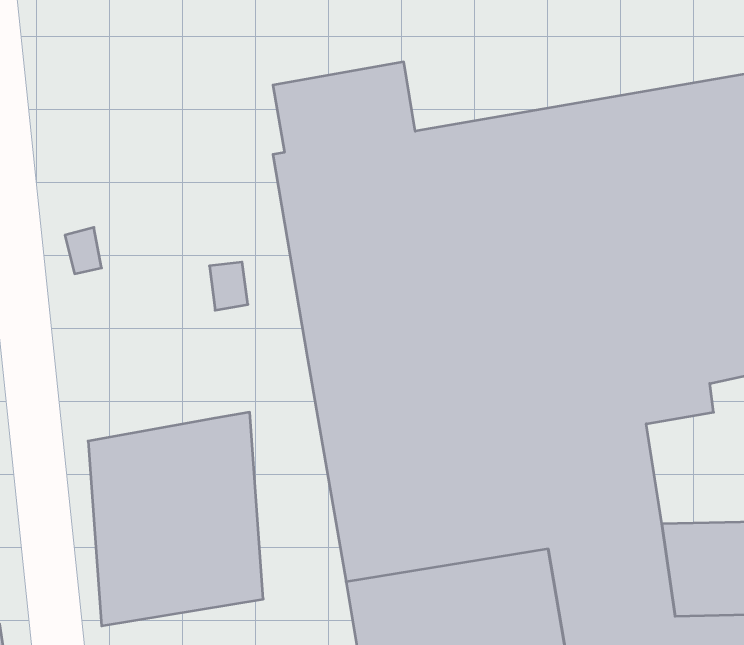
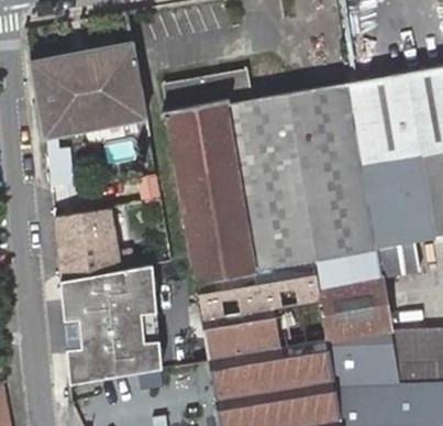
building: none -> [32,42,142,138]
building: none -> [58,207,135,278]

